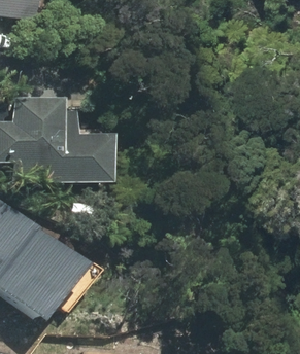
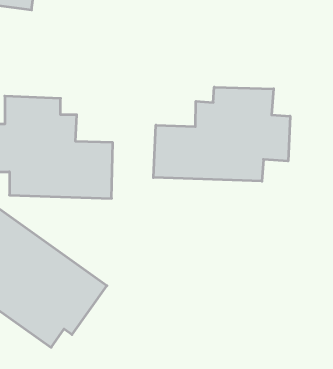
building: none -> [153,87,290,181]

